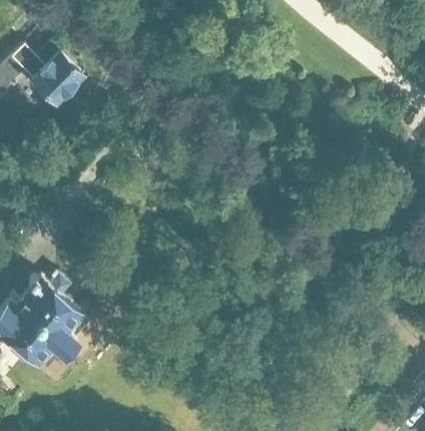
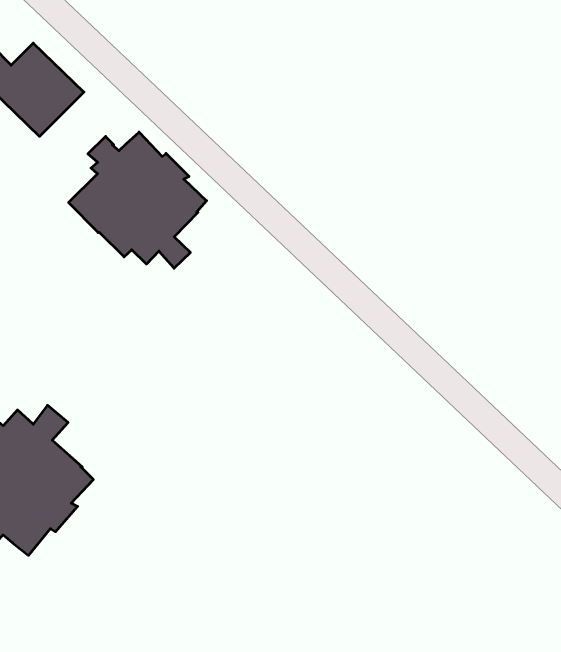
building: none -> [69,132,207,268]

